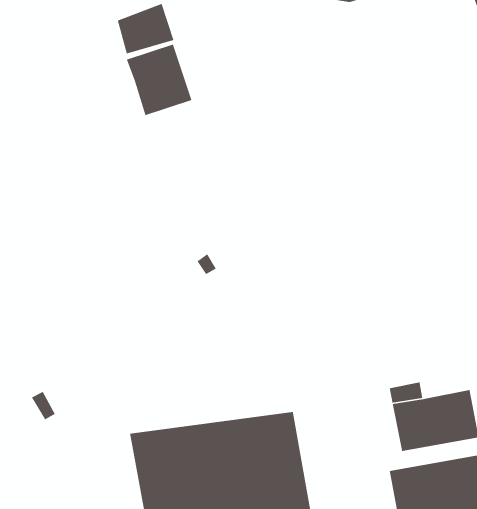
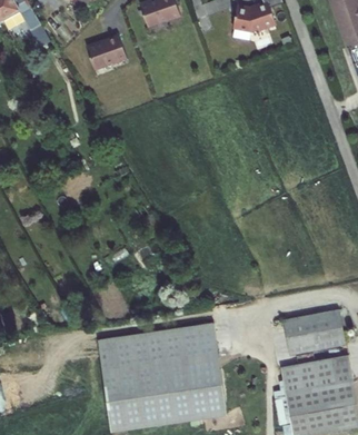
building: [126,44,193,116] -> none

